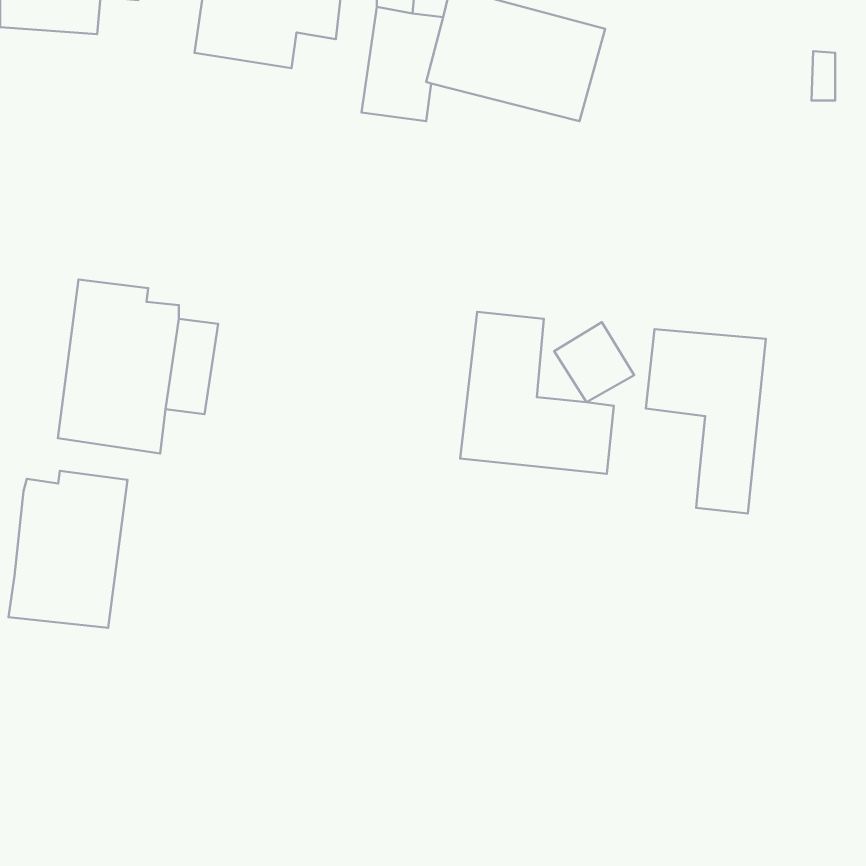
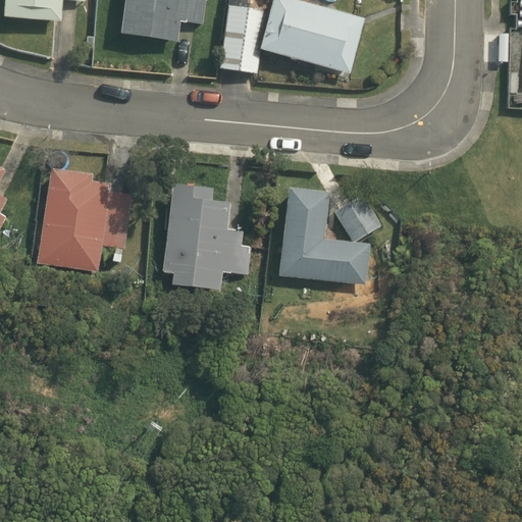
building: none -> [162,184,253,289]
building: [646,329,766,514] -> none
building: [9,471,127,628] -> none

